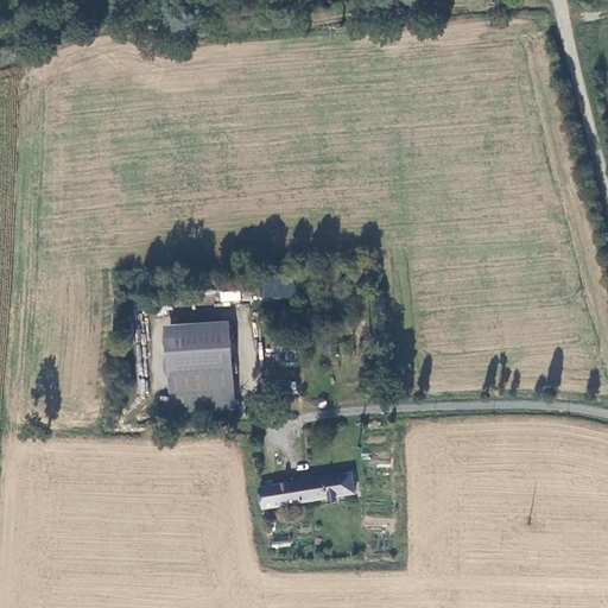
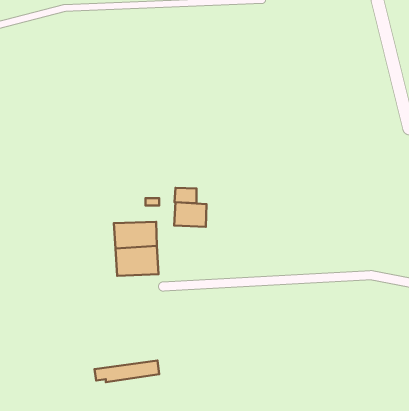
building: none -> [174,202,207,227]
building: [253,470,348,502] -> [94,360,159,382]

